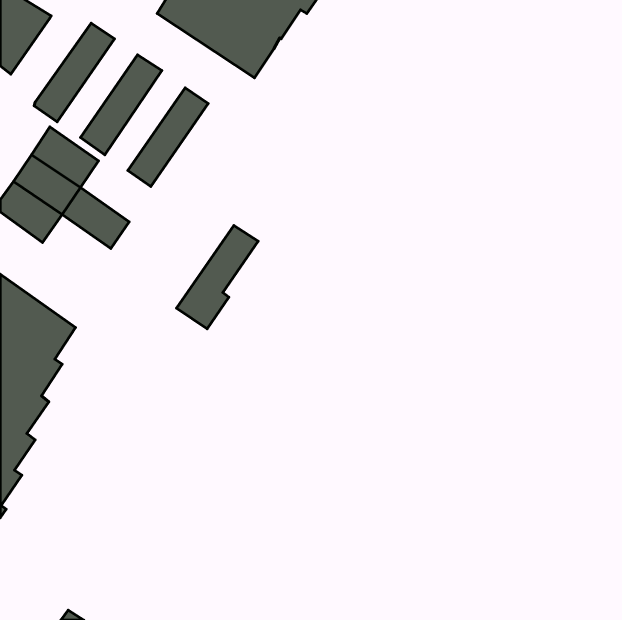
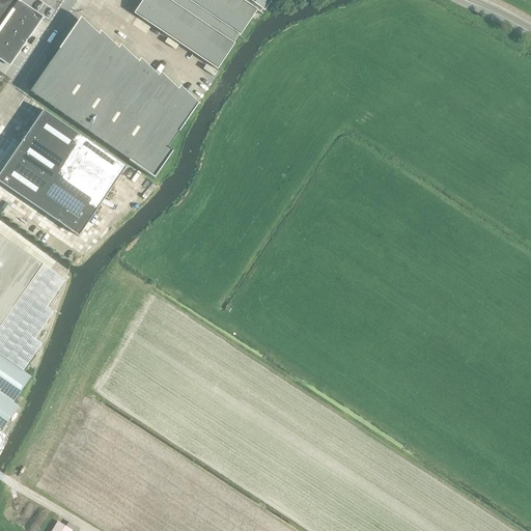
building: none -> [49,33,117,117]
building: none -> [89,60,158,145]
building: none -> [68,137,127,189]
building: none -> [36,183,94,234]
building: [177,225,258,329] -> [129,88,198,176]

